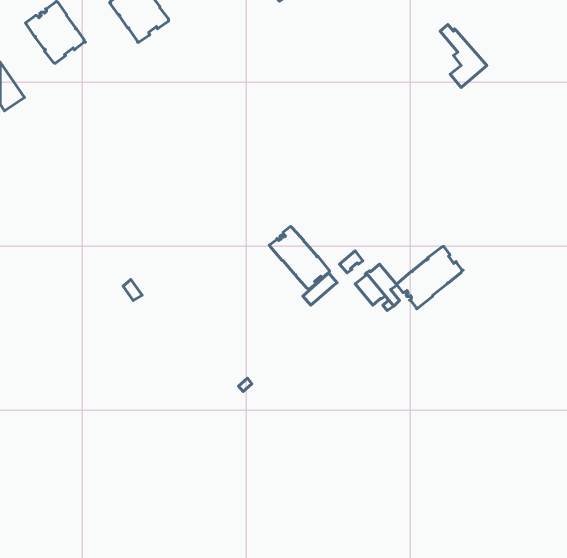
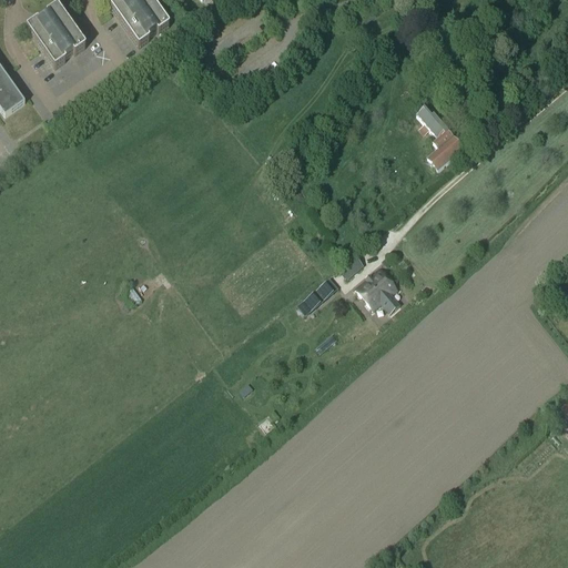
building: [440,24,487,88] -> [416,104,463,168]
building: [269,226,330,290] -> none
building: [397,246,463,309] -> none

